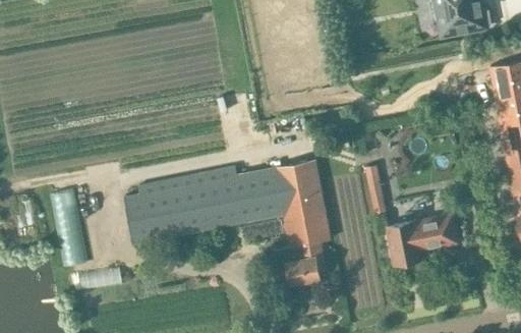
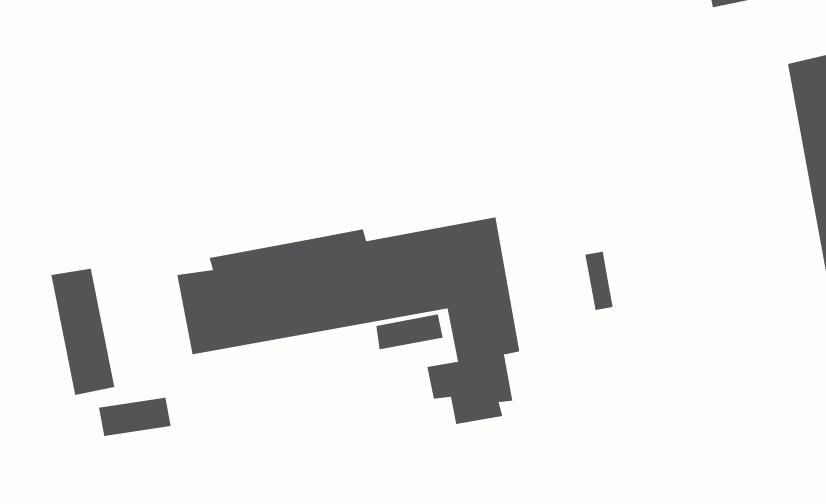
building: [387,216,456,265] -> none

